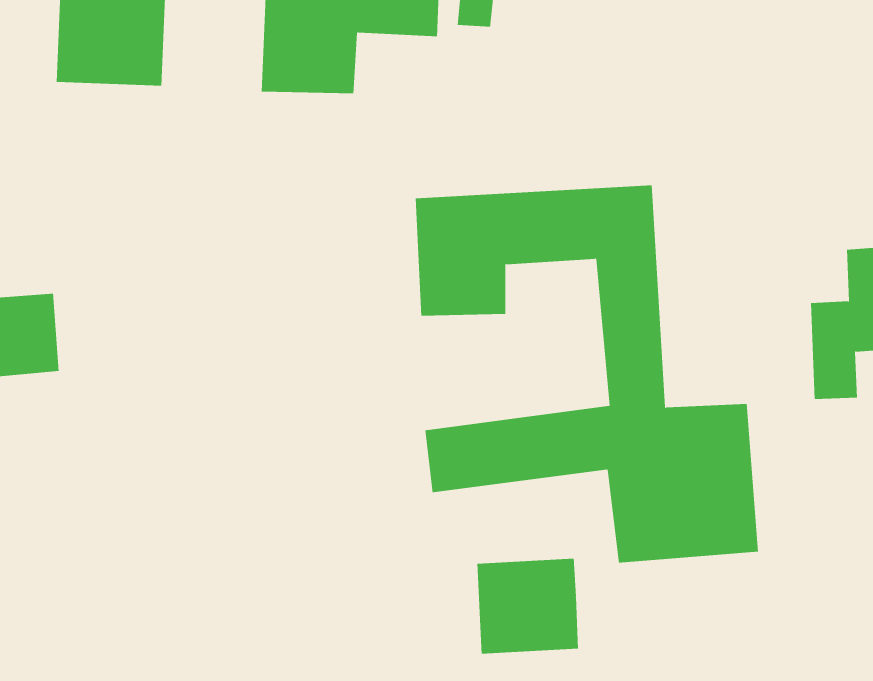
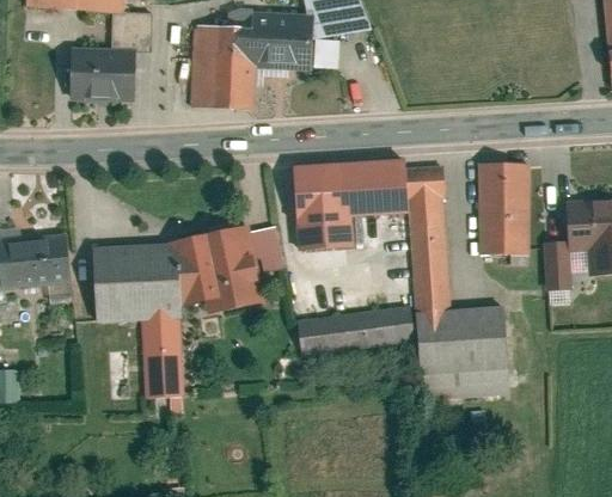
building: none -> [478,162,528,258]
building: none -> [92,222,287,400]
building: [477,558,579,655] -> none

